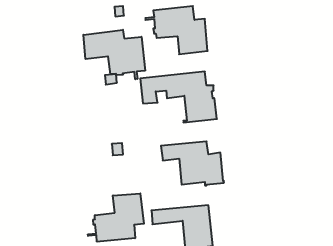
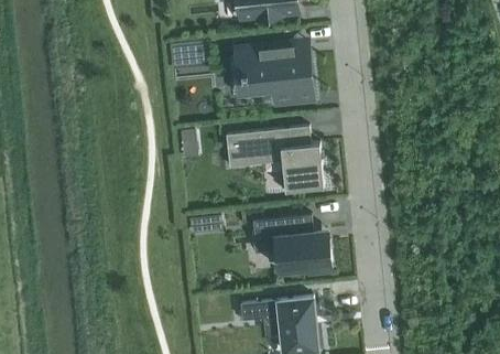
building: [83,30,145,79] -> none
building: [88,193,144,242] -> none

